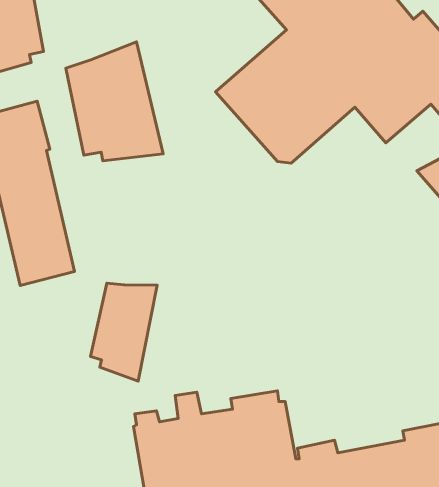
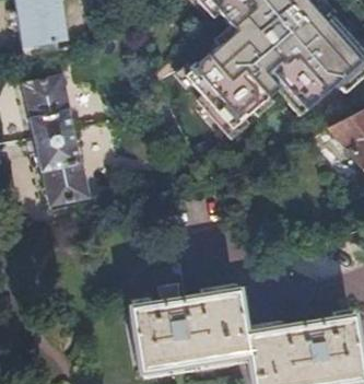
building: [66,42,163,161] -> none
building: [90,283,157,381] -> none

